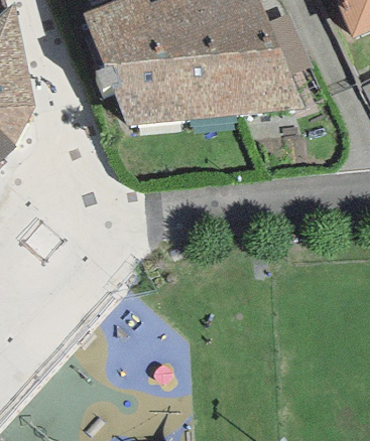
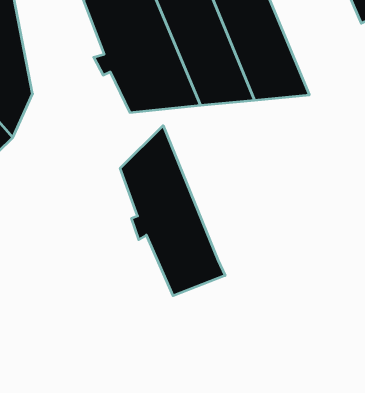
building: none -> [120,126,225,296]

